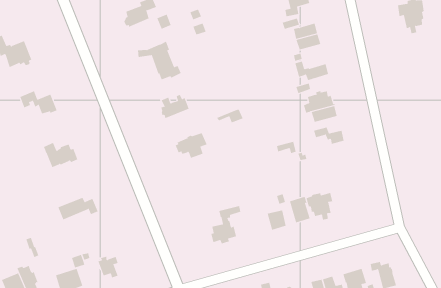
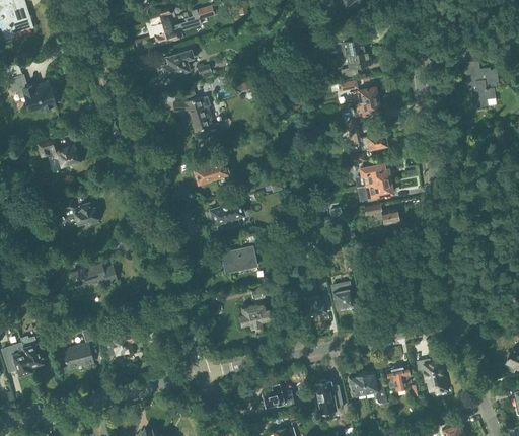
building: none -> [222,246,257,273]
building: [306,192,333,220] -> none

